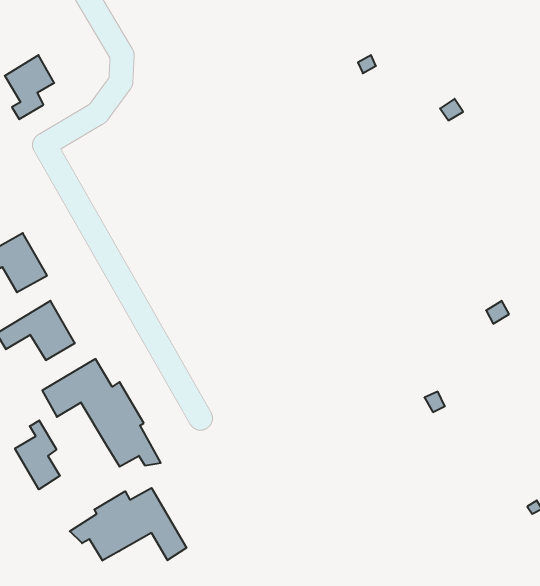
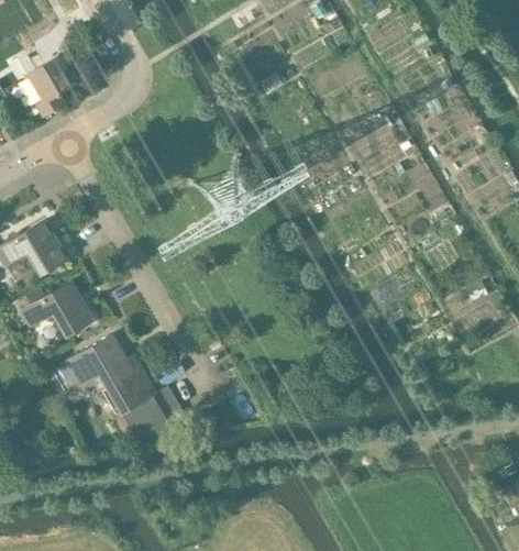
building: [15,420,60,489] -> none
building: [70,488,186,561] -> none

